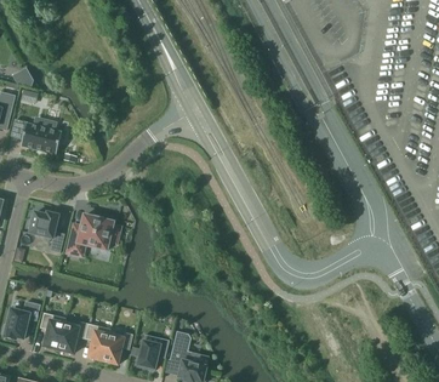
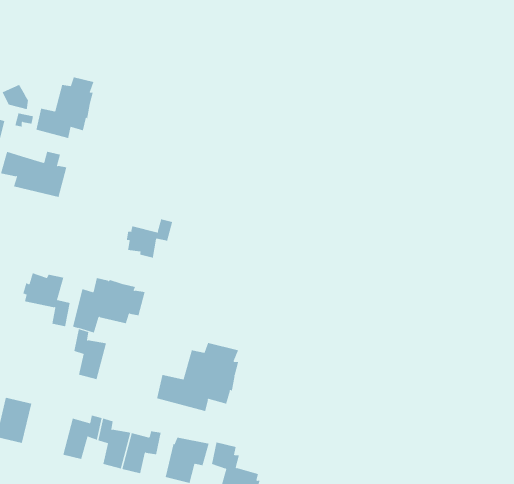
building: none -> [36,76,94,139]
building: none -> [126,219,173,259]
building: none -> [156,342,239,412]
building: [39,310,64,349] -> [73,329,107,380]

